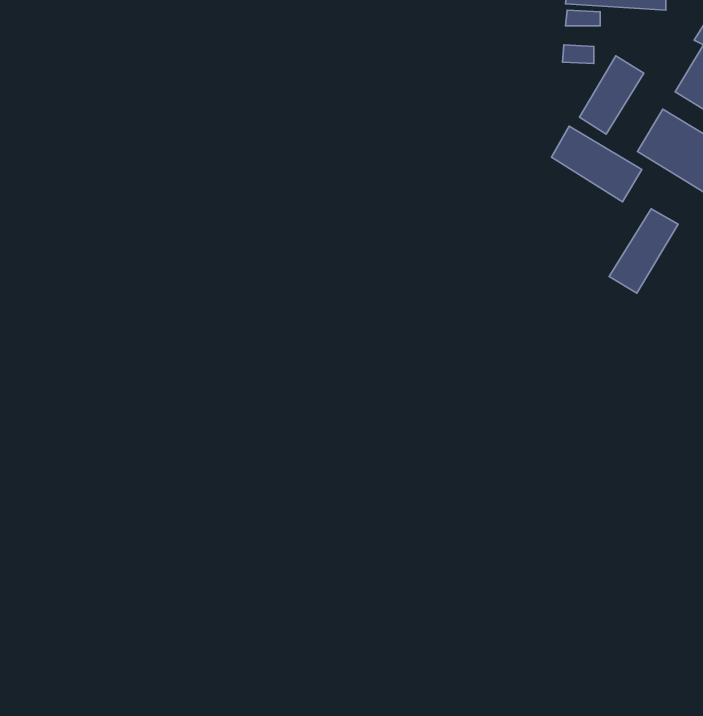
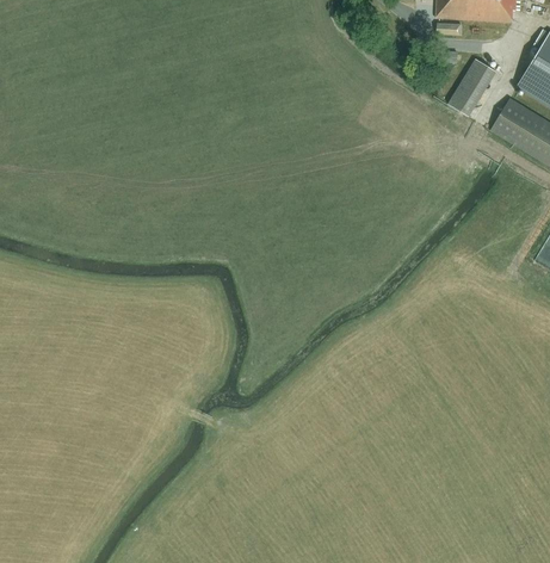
building: [552,126,642,202] -> none
building: [609,209,678,293] -> none

